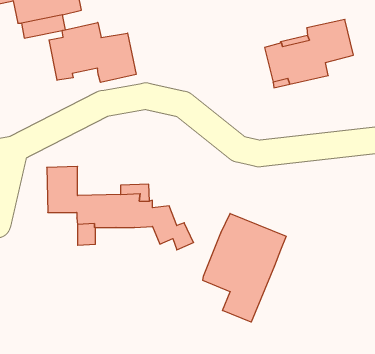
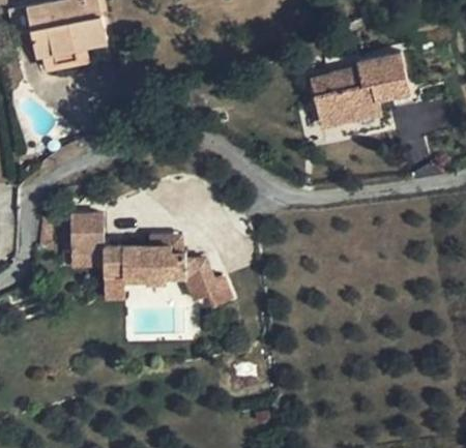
building: [49,22,136,82] -> none
building: [203,213,286,322] -> none

